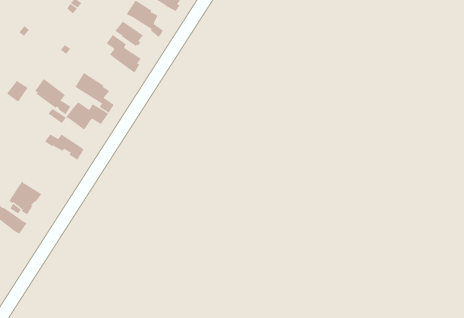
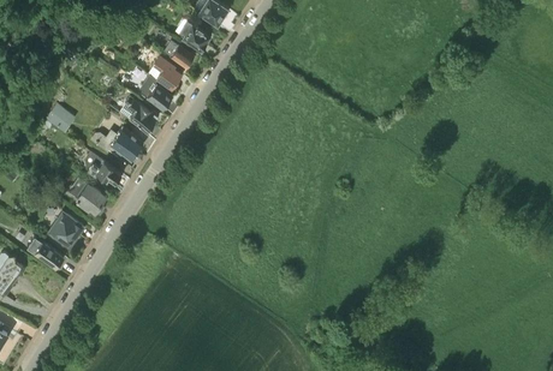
building: [35,78,72,115] -> [138,76,178,115]
building: none -> [73,182,105,214]

